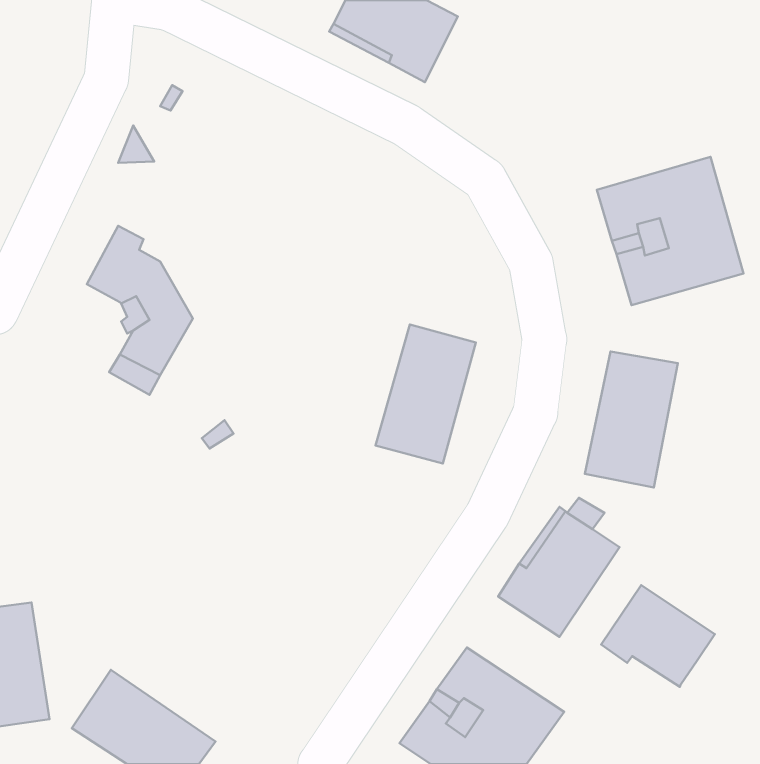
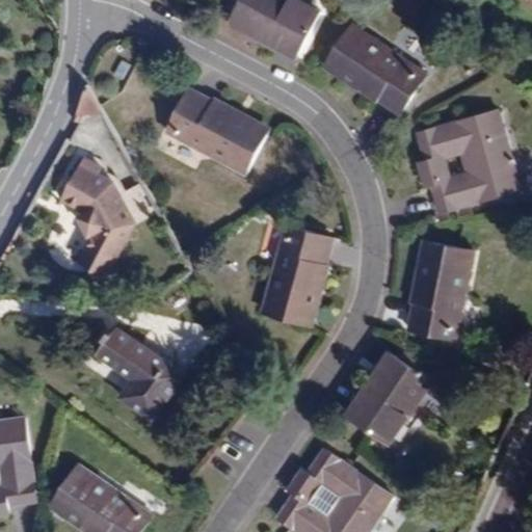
building: none -> [324,25,423,114]
building: none -> [165,88,266,172]
building: none -> [95,327,185,420]
building: [601,585,715,687] -> none

